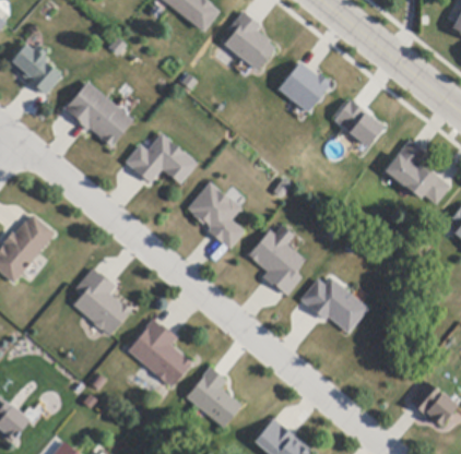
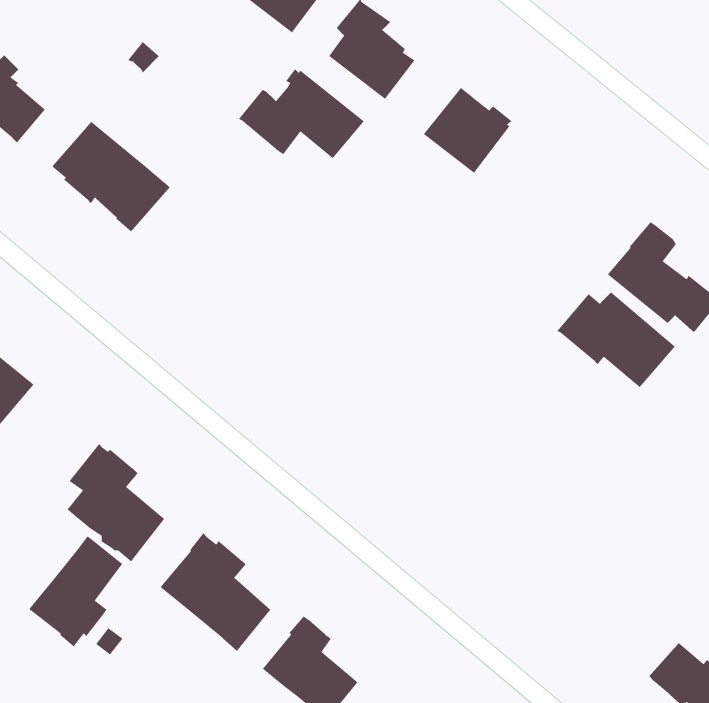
building: [331,96,382,145] -> none
building: [125,132,198,184] -> [238,68,365,159]
building: [187,182,244,248] -> none
building: [248,225,305,295] -> none
building: [299,277,368,333] -> [556,291,676,388]
building: none -> [28,535,123,648]

